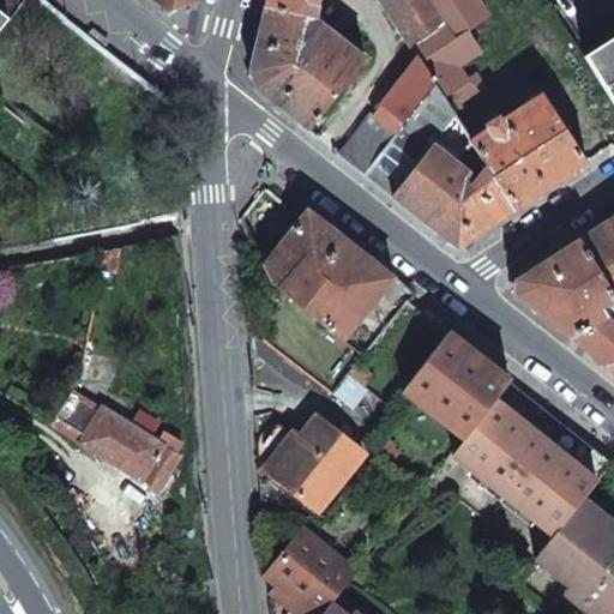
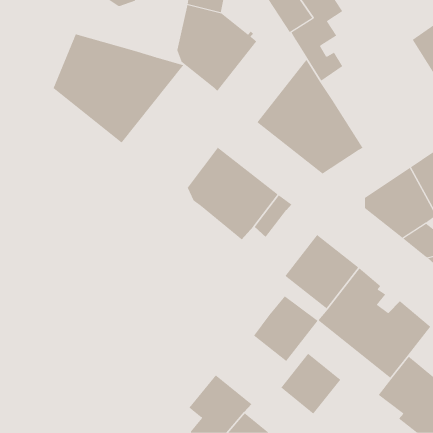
building: none -> [53,34,184,144]
building: [338,58,434,173] -> none
building: [471,92,586,209] -> none
building: [52,387,181,494] -> none
building: [272,416,365,510] -> [253,295,319,362]
building: none -> [280,353,341,414]

